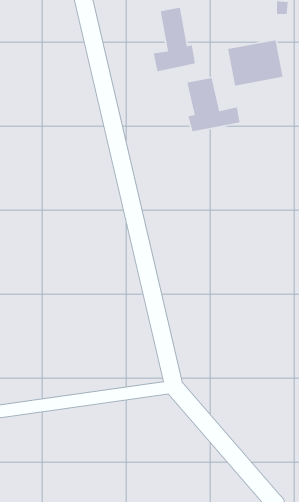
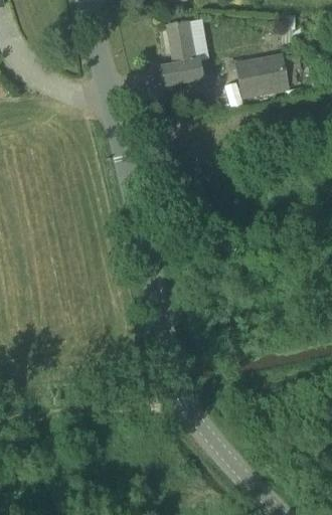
building: [187,77,241,132] -> none

